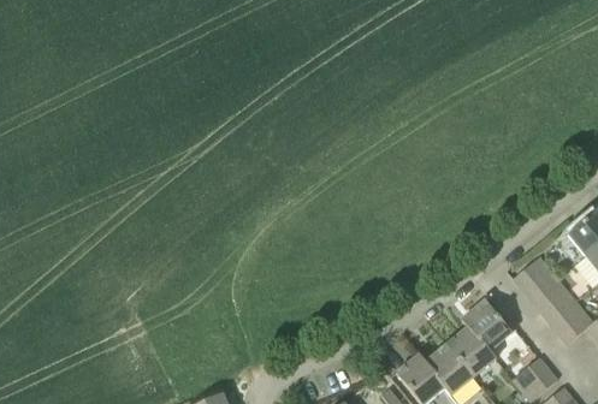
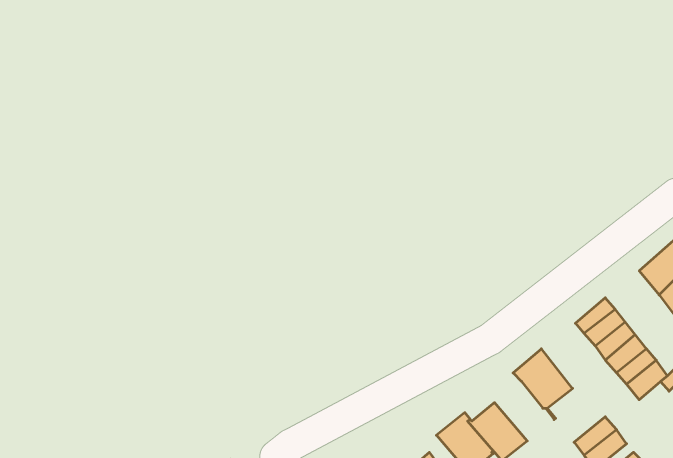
building: [445,327,496,378] -> none

